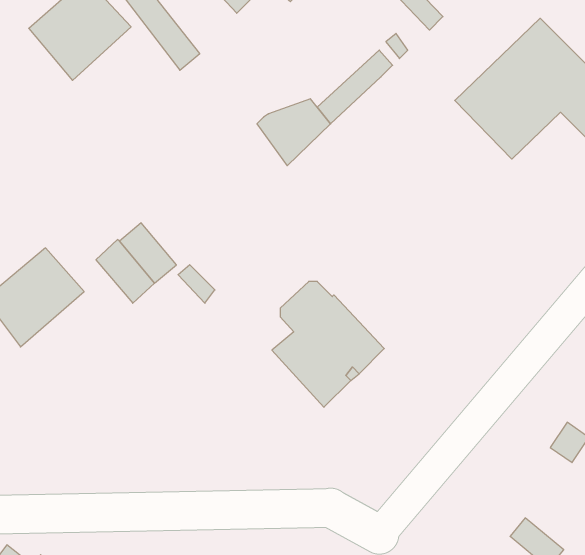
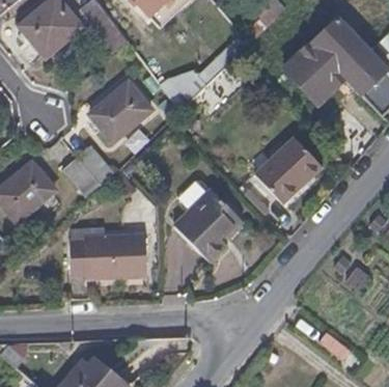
building: none -> [89,81,151,141]
building: none -> [253,138,321,206]
building: none -> [67,232,143,280]

